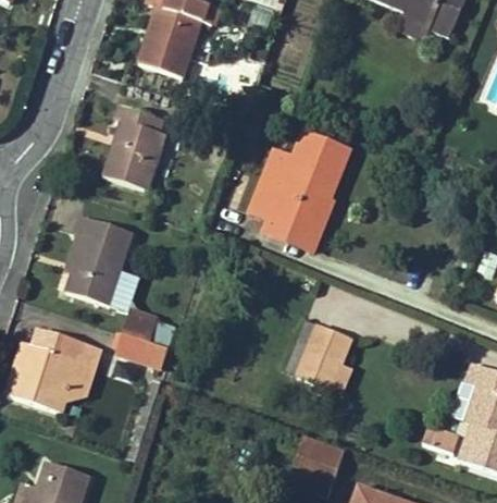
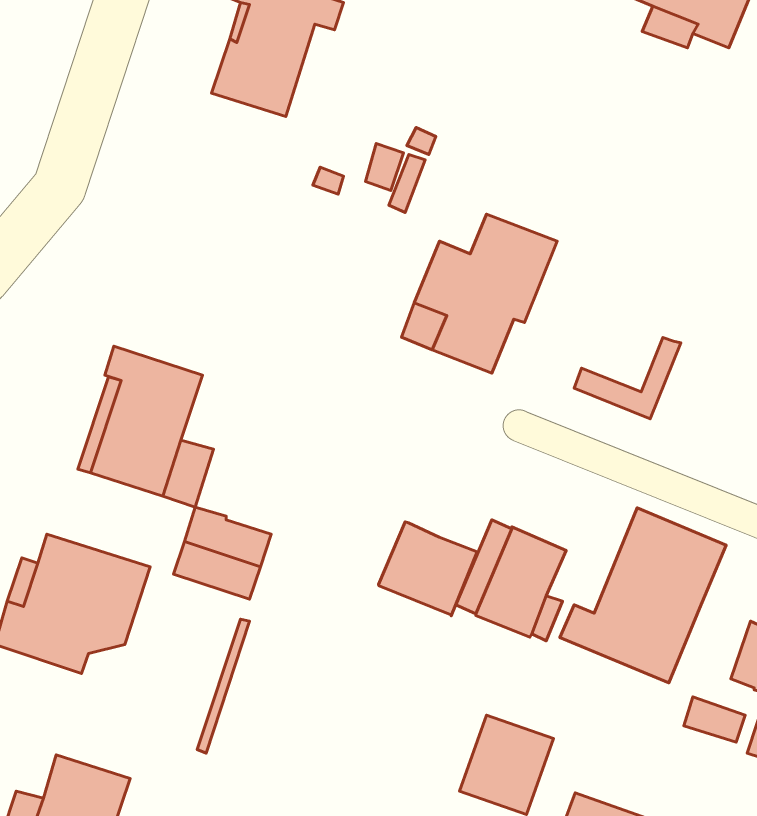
building: [103,105,166,189] -> none
building: [268,198,332,247] -> [574,337,681,419]
building: none -> [560,508,726,683]
building: none -> [378,522,477,616]

